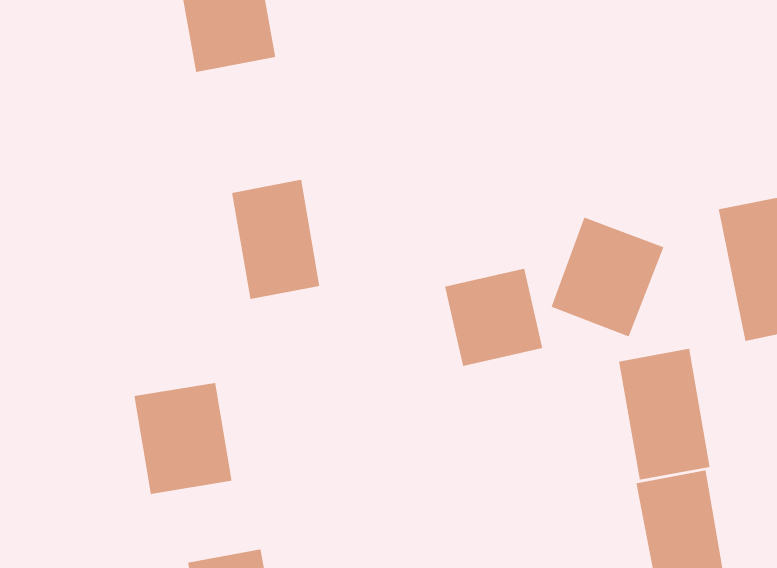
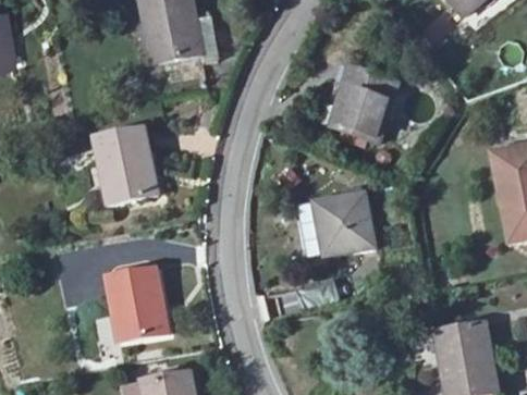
building: [231,179,320,300] -> [95,134,152,212]
building: [550,216,665,338] -> [326,61,400,139]
building: [618,348,711,481] -> none

